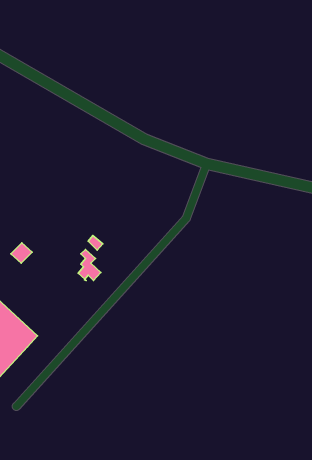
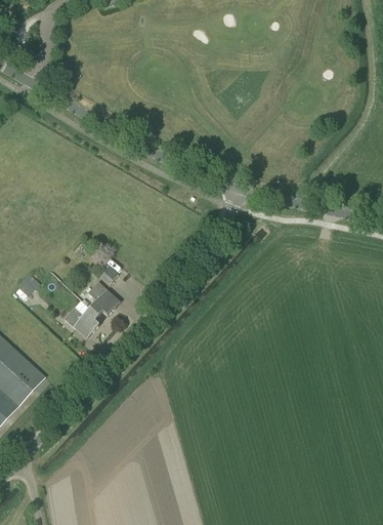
building: none -> [63,307,99,333]

